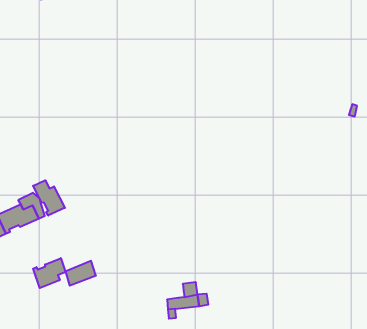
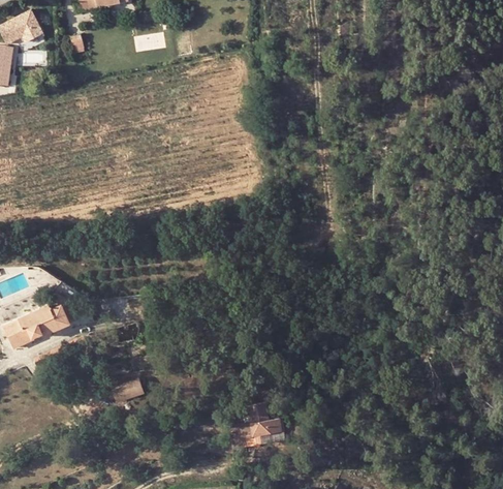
building: [33,180,65,216] -> none
building: [33,258,66,288] -> none

